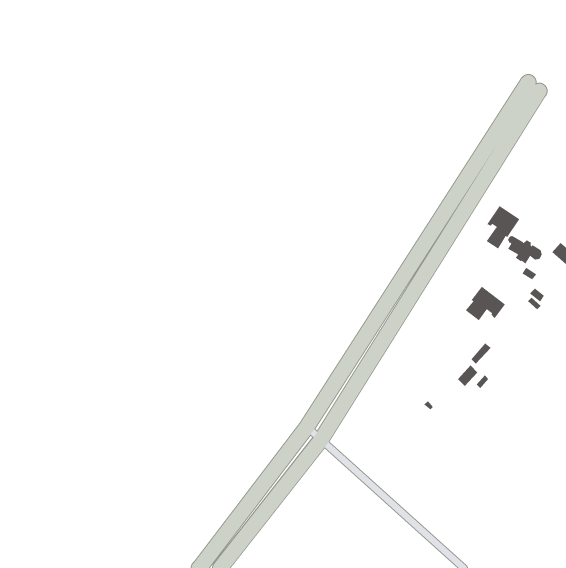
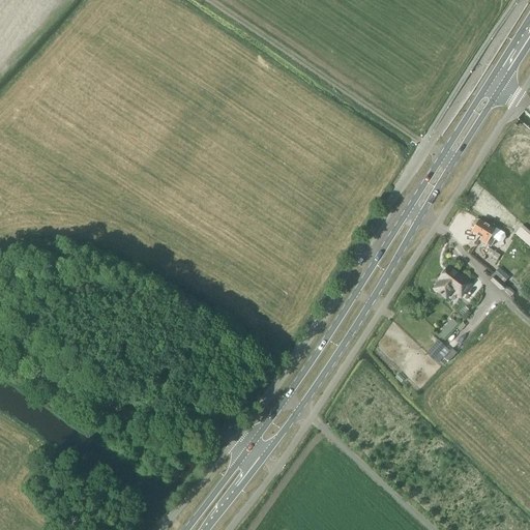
building: [486,205,520,249] -> none

